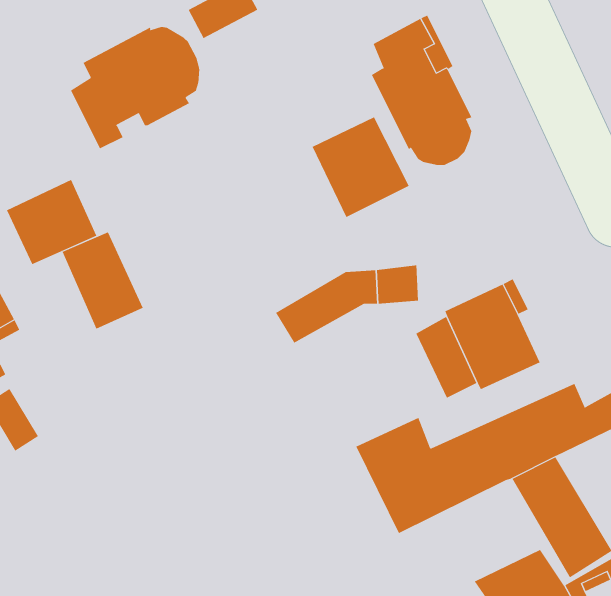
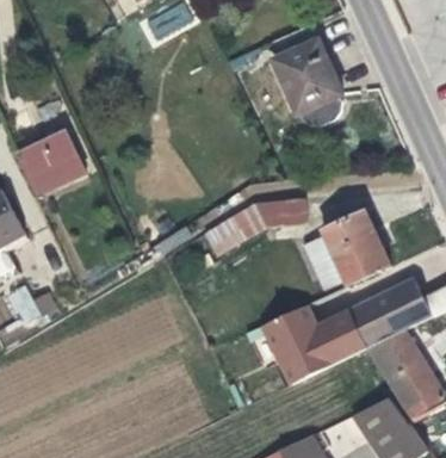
building: [70,26,200,149] -> none
building: [312,116,410,218] -> none
building: [62,231,143,329] -> none

